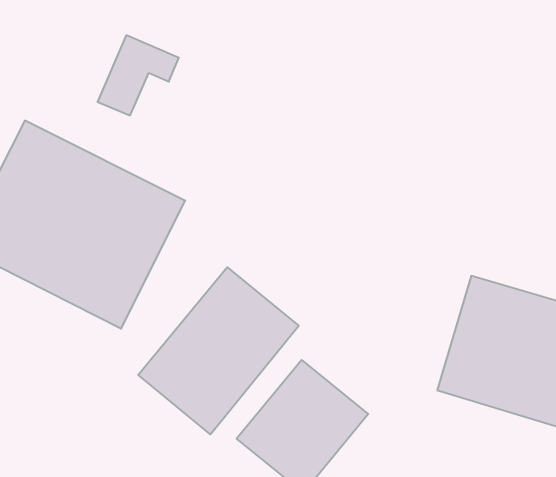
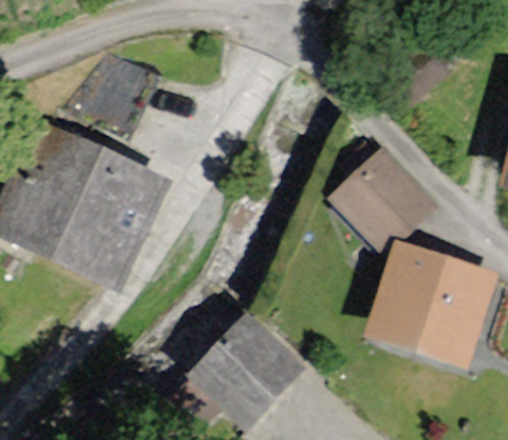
building: none -> [330,145,430,244]
building: [138,267,299,434] -> none

